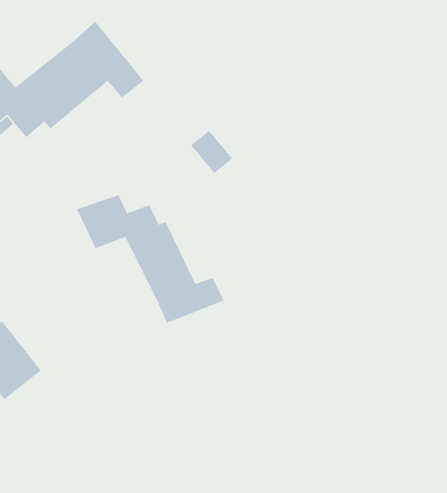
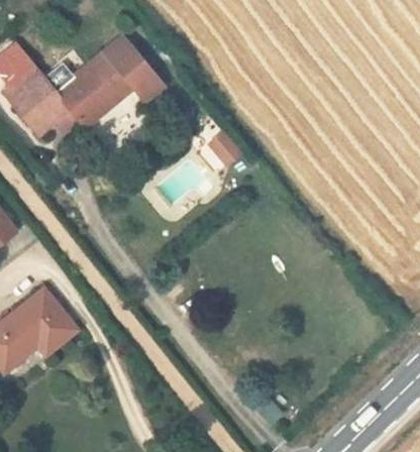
building: [76,194,225,324] -> none

